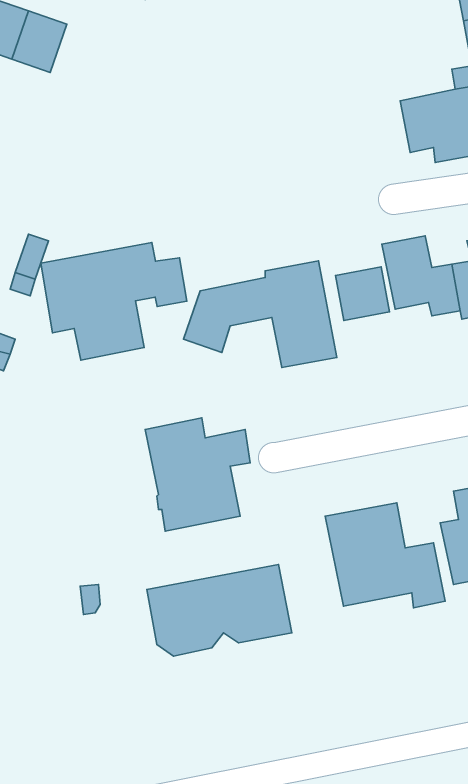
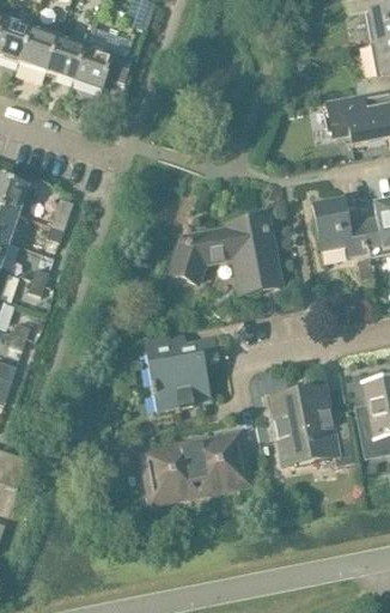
building: none -> [74,40,129,90]
building: [41,242,187,360] -> none
building: [335,267,390,321] -> none

